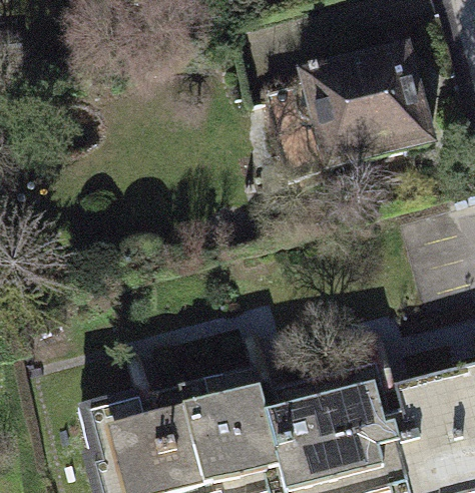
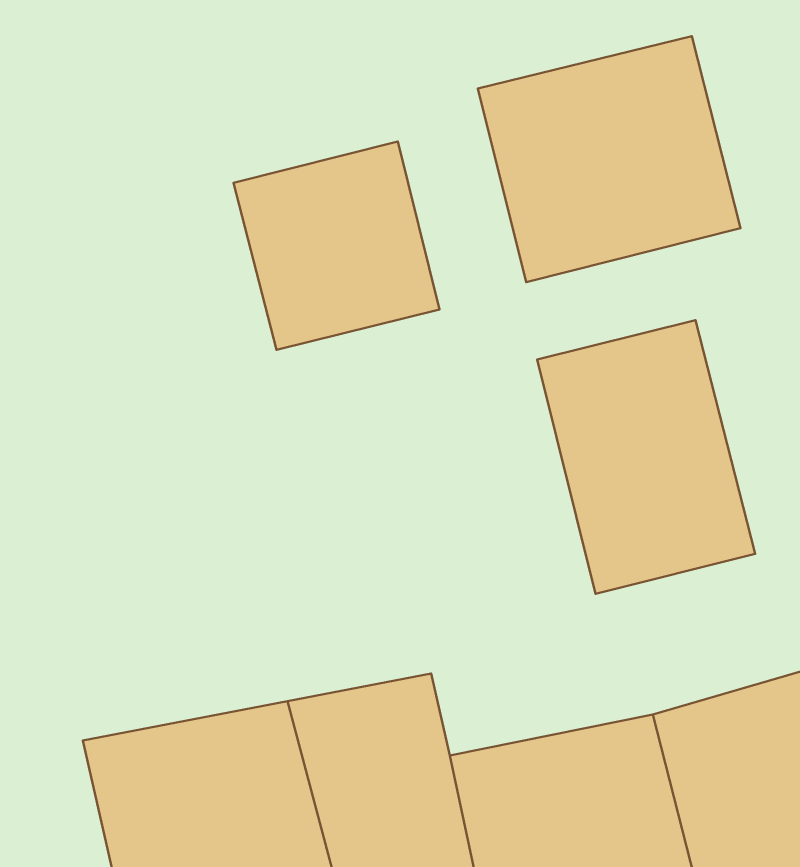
building: none -> [234,142,439,350]
building: none -> [537,320,755,594]

